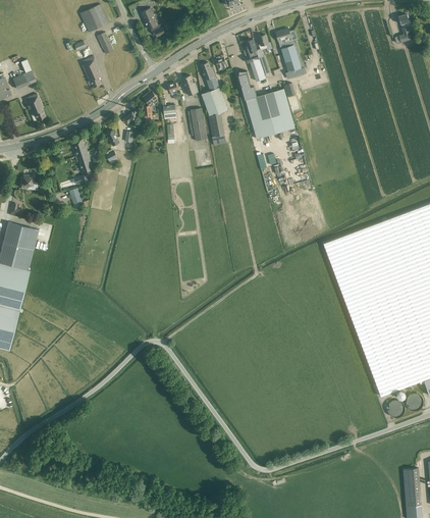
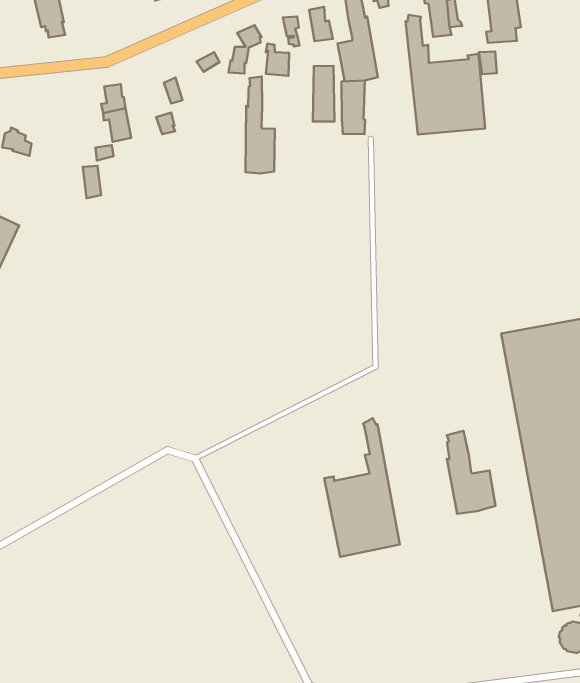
building: none -> [246,77,275,174]
building: none -> [447,431,495,514]
building: none -> [324,418,400,557]

